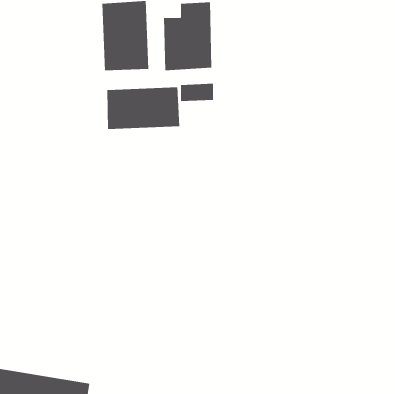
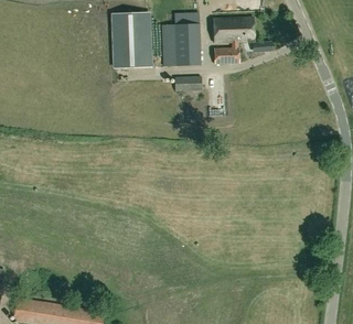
building: none -> [213,15,254,63]
building: [107,86,180,130] -> none

